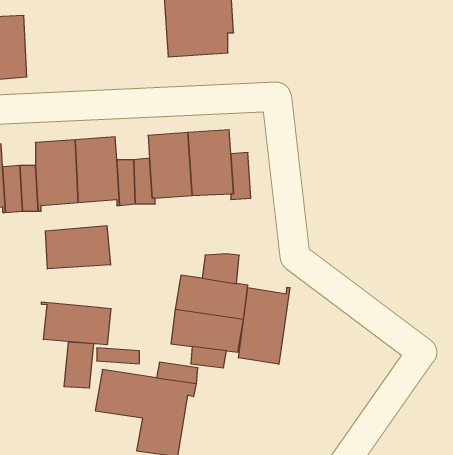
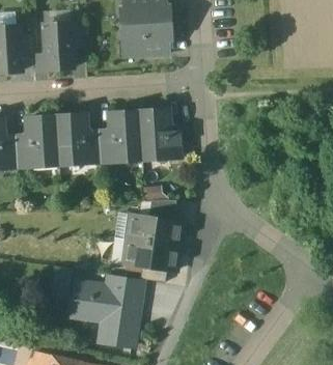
building: none -> [44,24,73,71]
building: [45,226,111,269] -> none
building: [239,287,290,364] -> none
building: [42,302,111,345] -> none

